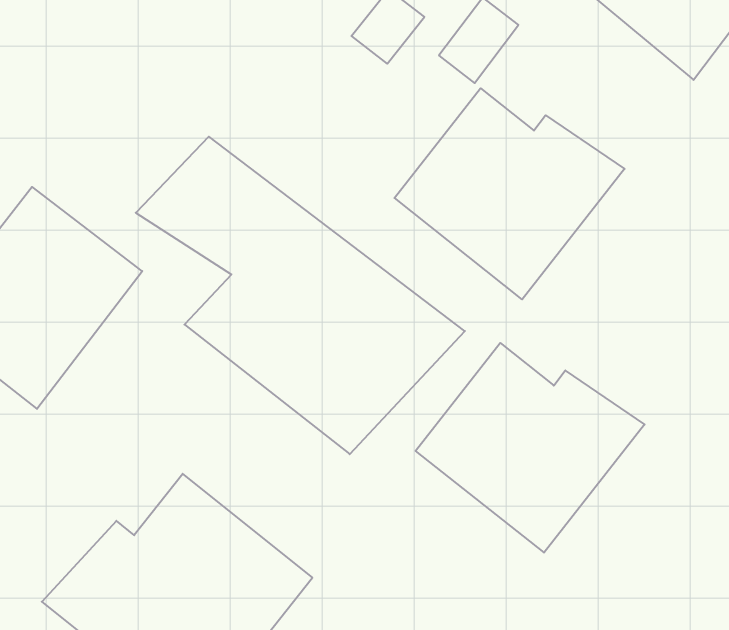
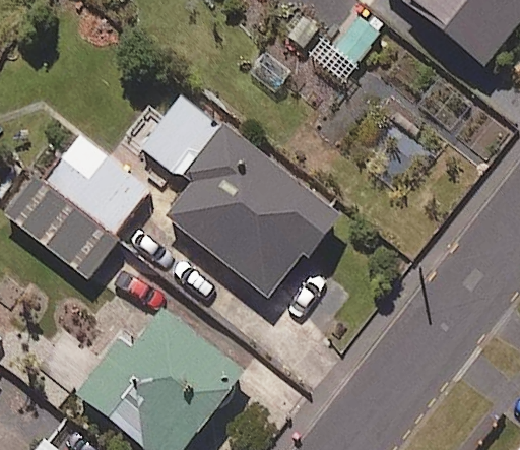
building: [394,88,625,299] -> none
building: [416,343,645,553] -> none

